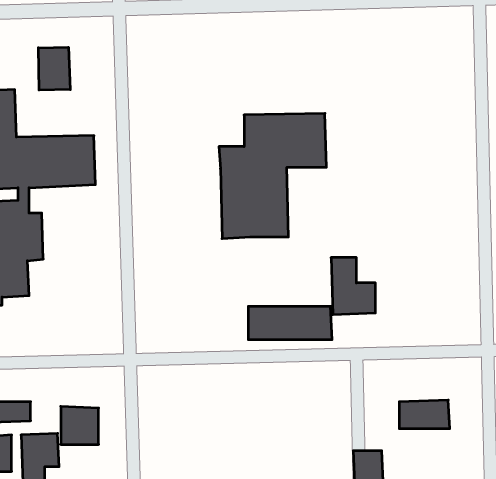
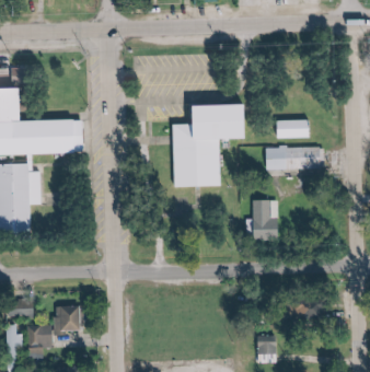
building: [38,47,70,90] -> none
building: none -> [278,119,310,138]
building: [248,306,332,340] -> [255,148,313,171]

